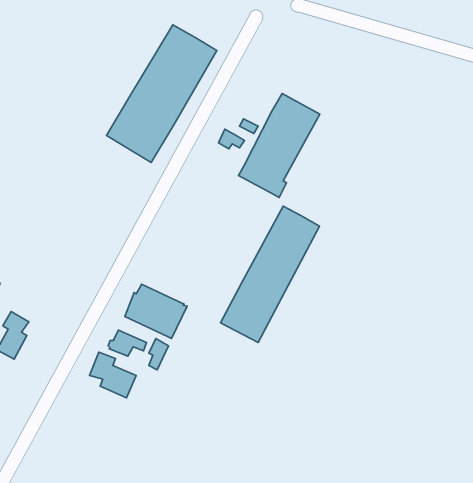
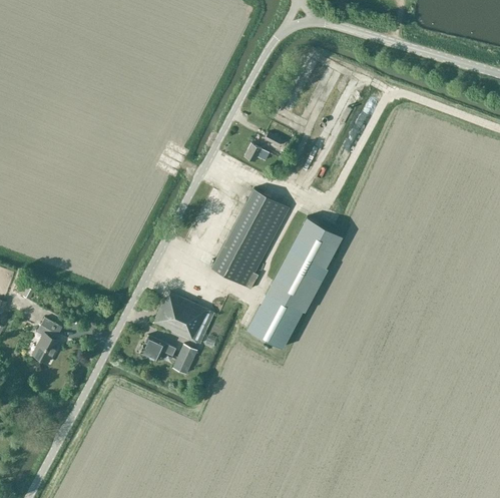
building: [106,25,217,162] -> none
building: [238,93,320,198] -> [211,189,290,290]
building: [90,352,136,398] -> none

